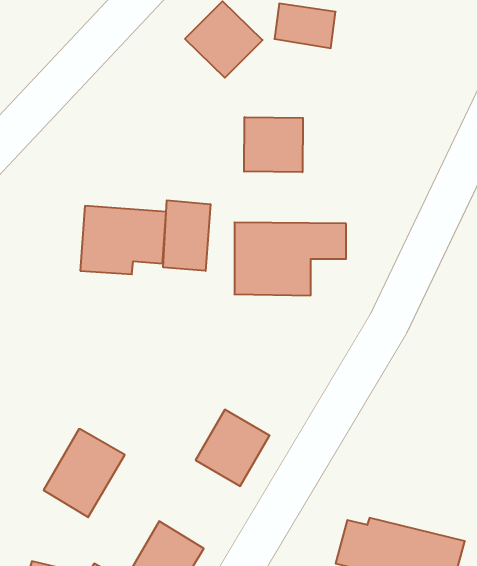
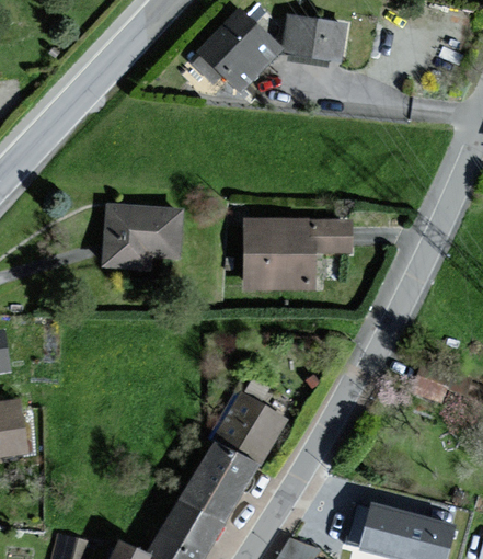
building: [244,117,303,172] -> none
building: [163,200,210,271] -> none
building: [44,429,125,517] -> [177,444,253,526]

